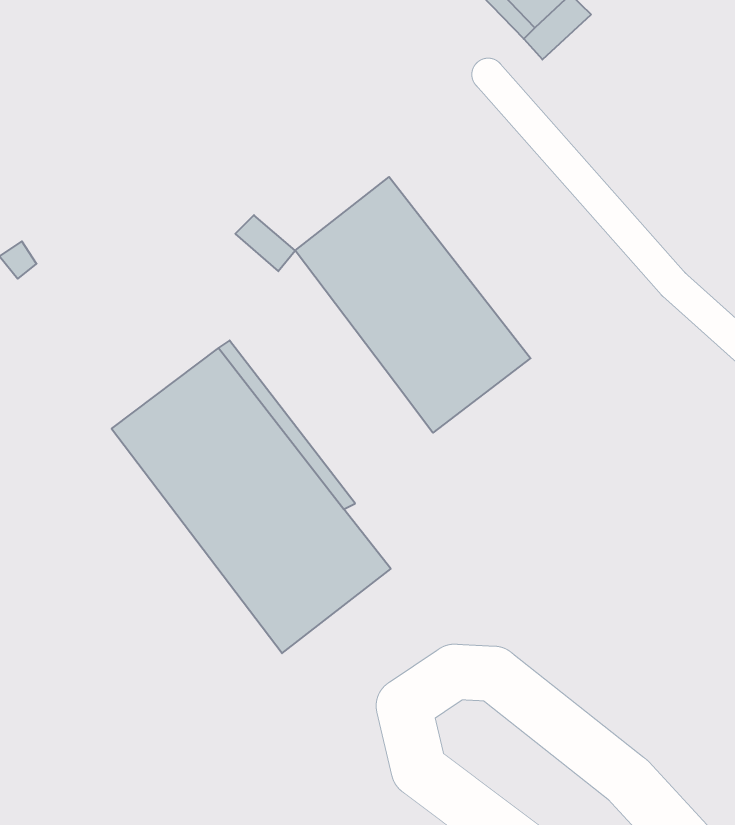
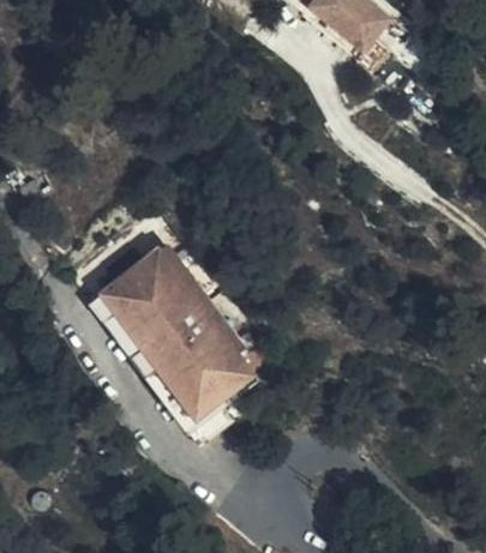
building: [295,177,531,433] -> none

